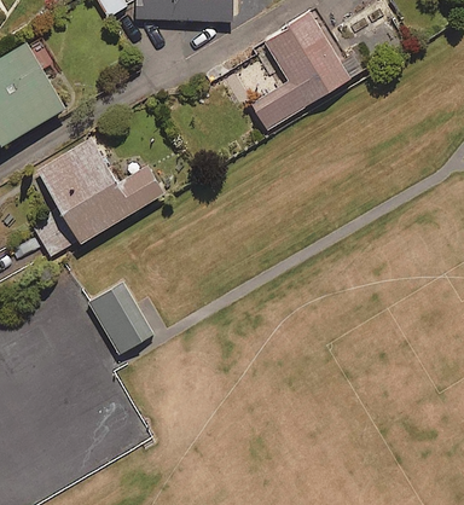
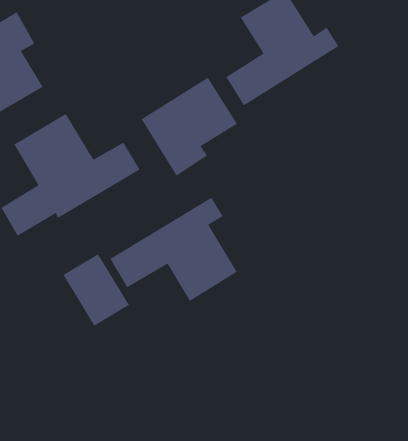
building: none -> [141,77,238,176]
building: none -> [109,197,237,302]

